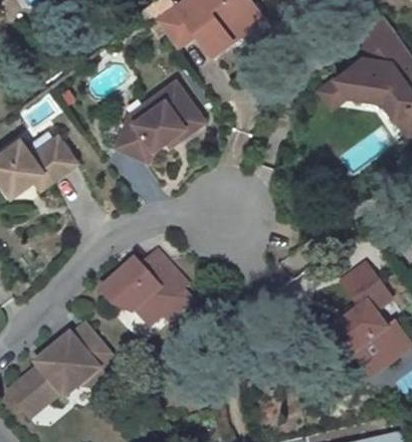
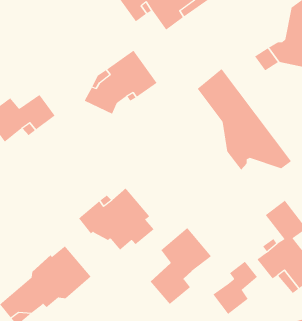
building: none -> [197,68,292,170]
building: none -> [150,227,212,305]
building: none -> [213,261,258,315]

